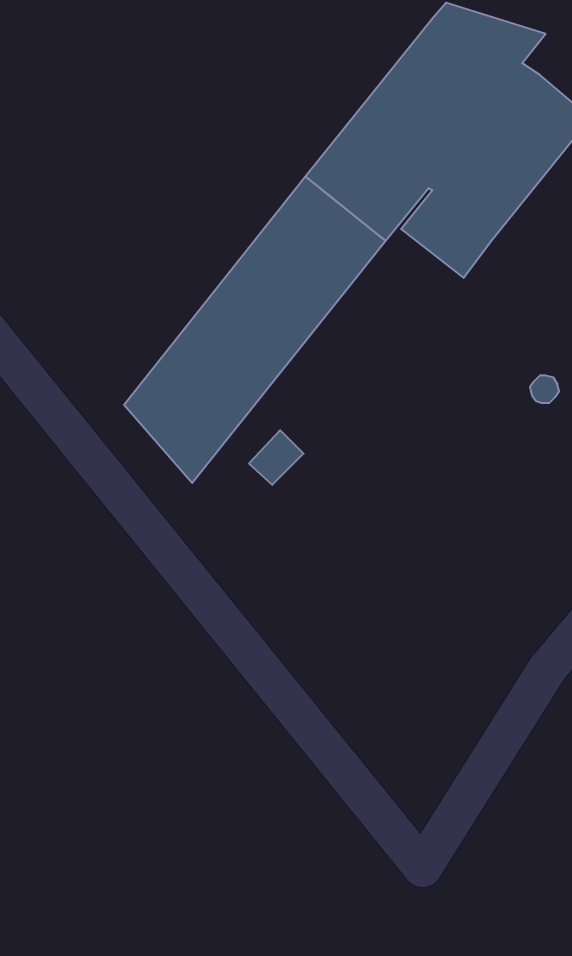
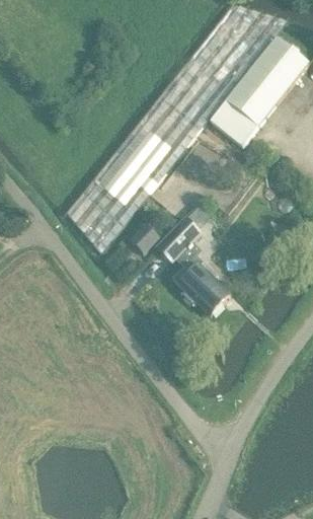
building: none -> [159,219,232,314]

